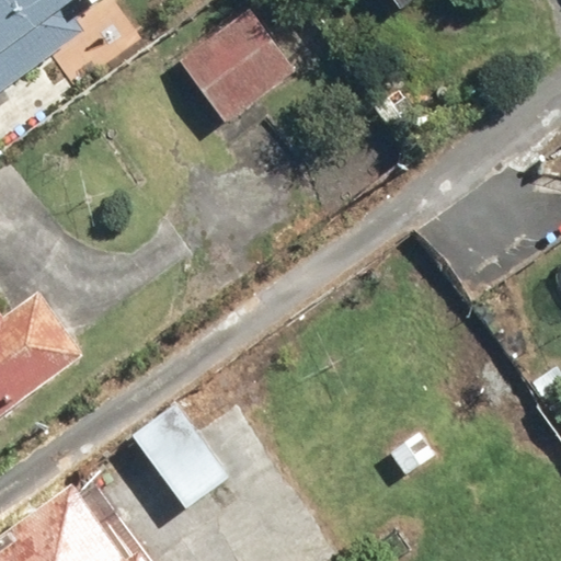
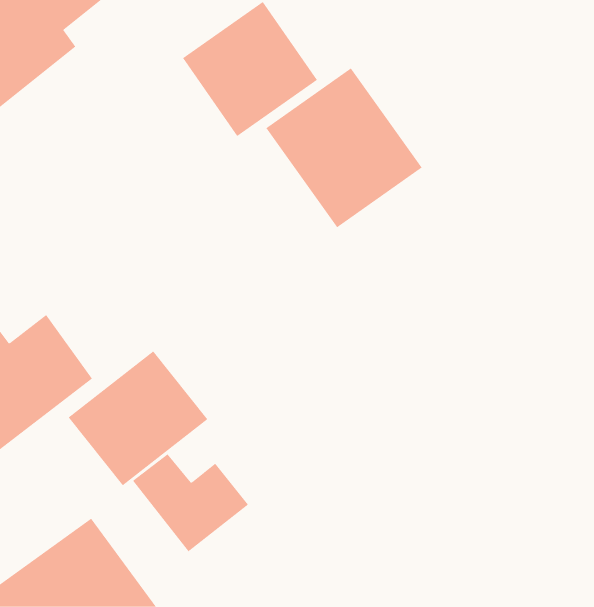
building: none -> [265,67,422,228]
building: none -> [68,350,208,486]

